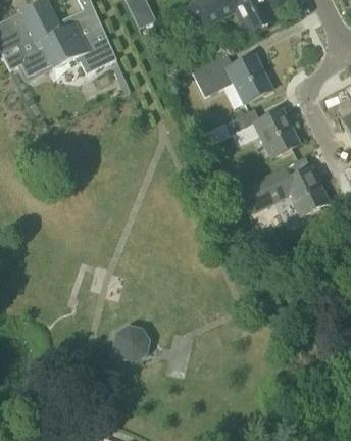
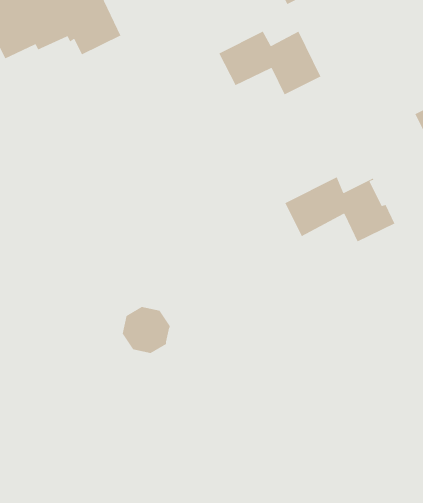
building: [224,108,299,157] -> none
building: [112,325,150,361] -> [122,306,171,354]

